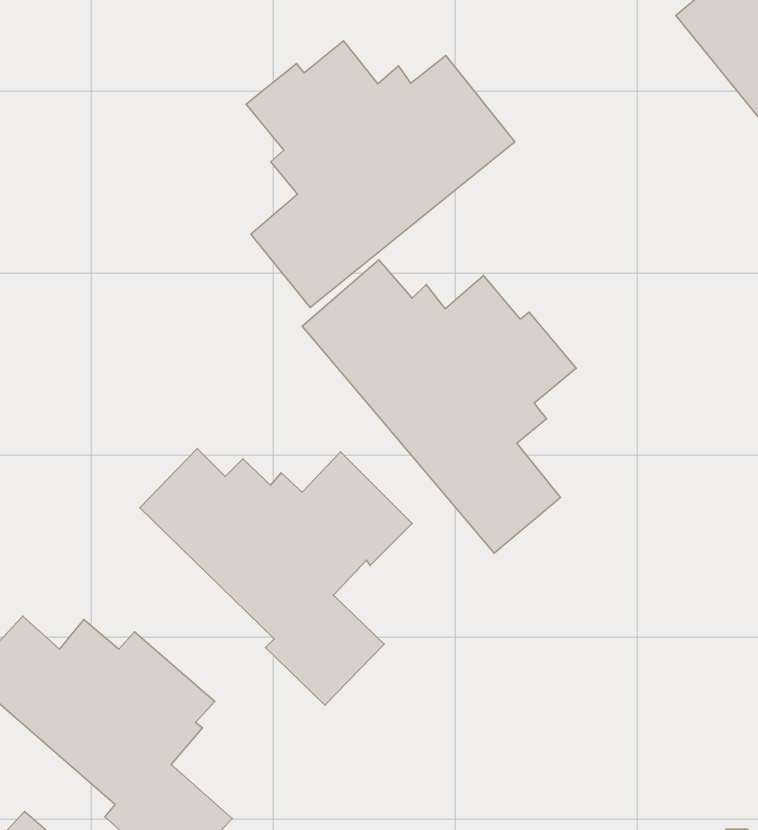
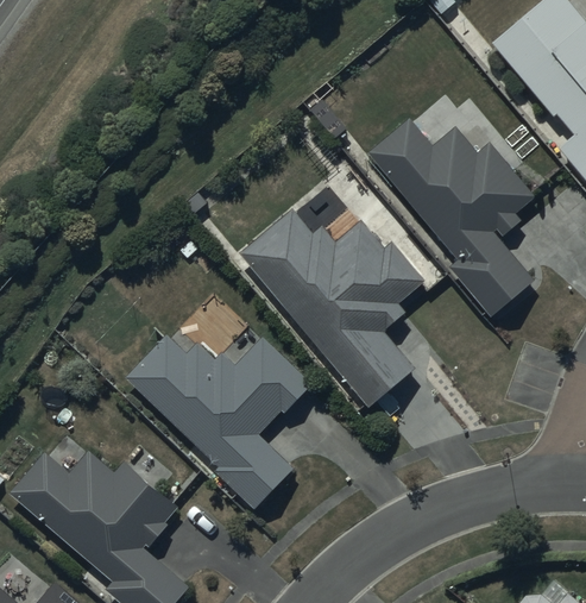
building: [246,41,515,307] -> none
building: none -> [368,118,534,316]

